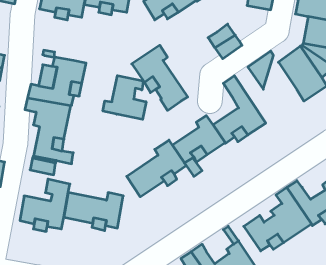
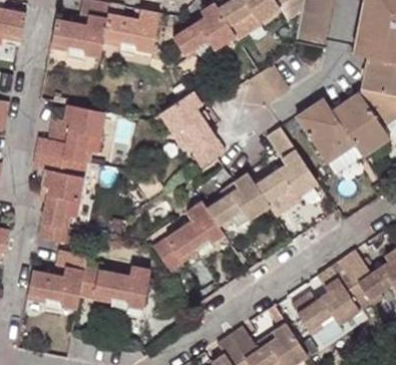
building: none -> [315,102,355,161]
building: [103,76,146,119] -> none

